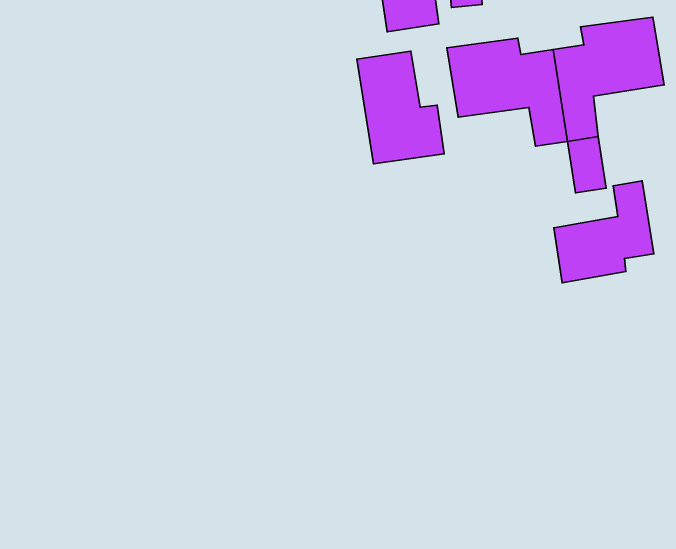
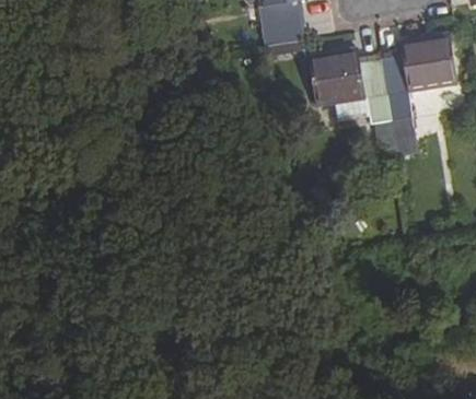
building: [357,51,444,164] -> none
building: [554,181,654,283] -> none

